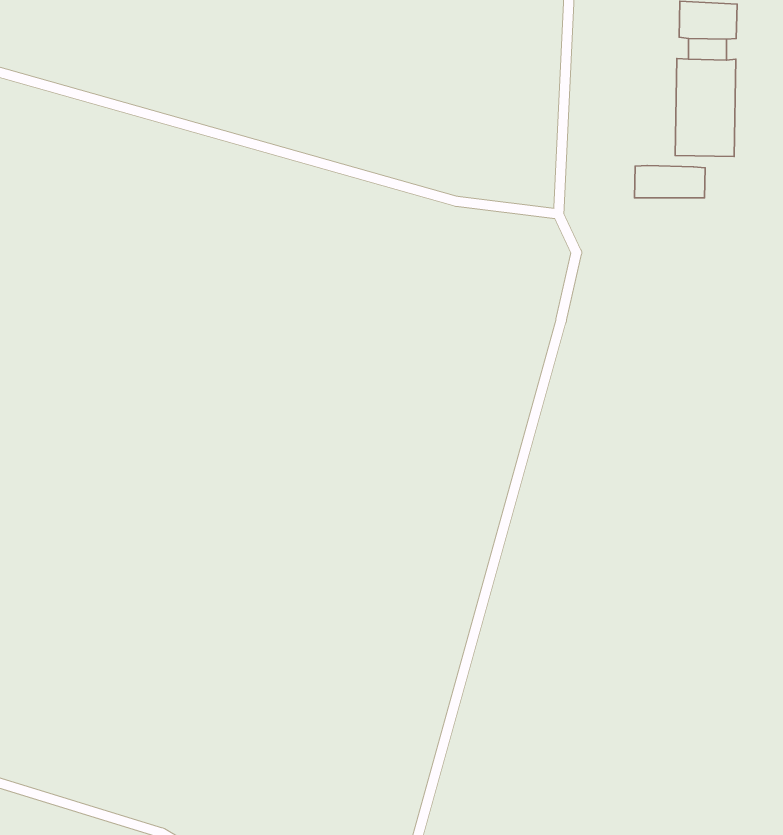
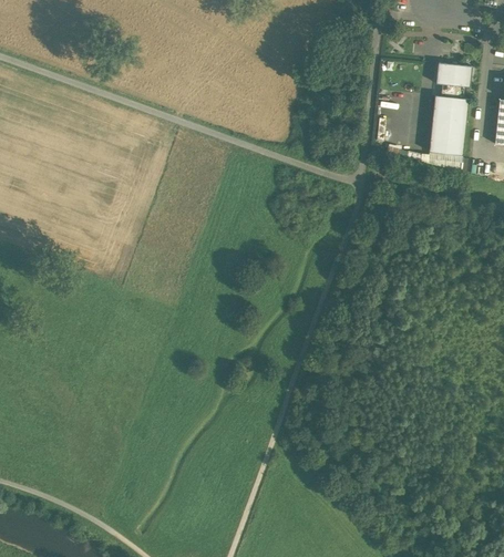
building: [634,166,705,198] -> none

